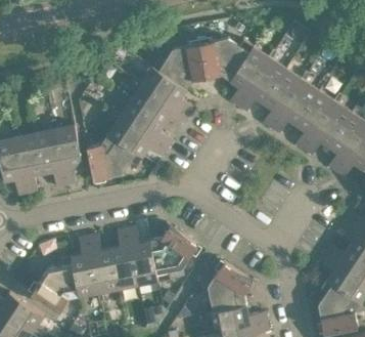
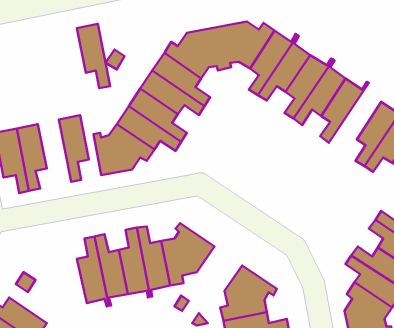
building: [304,95,352,156] -> none
building: [36,129,66,188] -> [77,24,110,88]
building: [32,257,81,314] -> none

